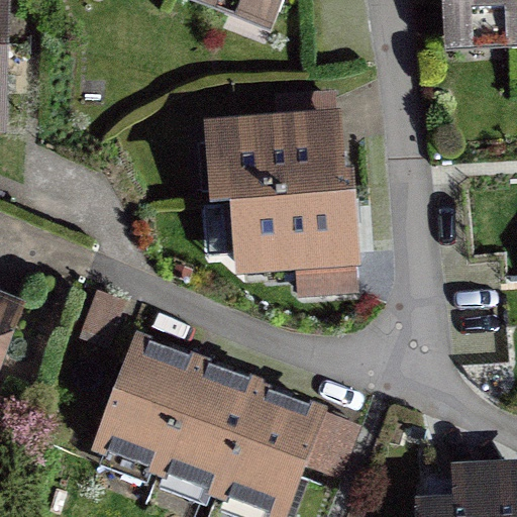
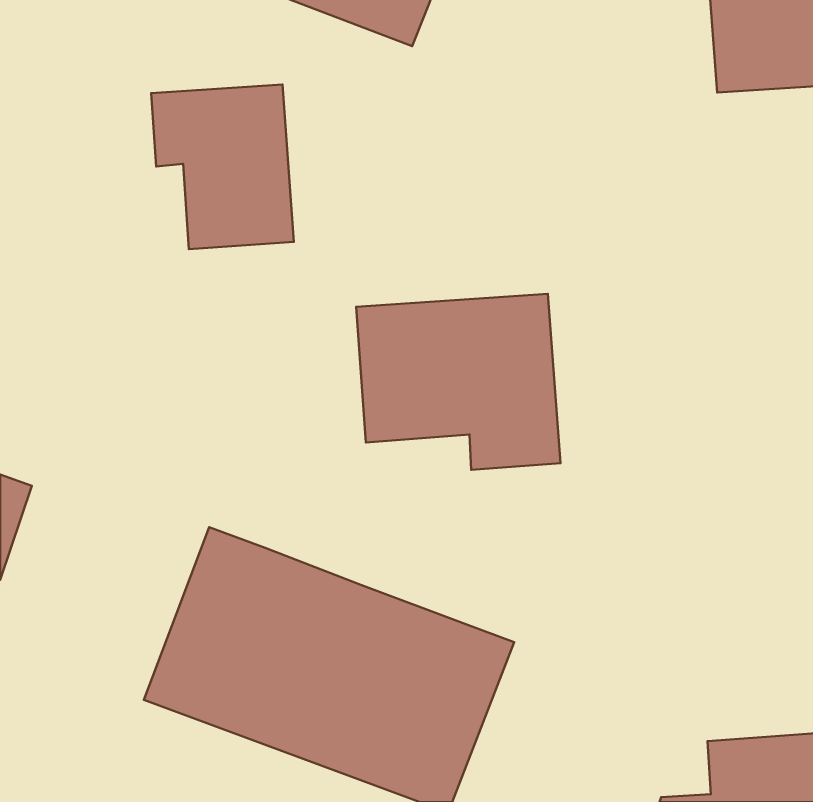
building: none -> [151,85,294,249]
building: [199,113,348,196] -> none

